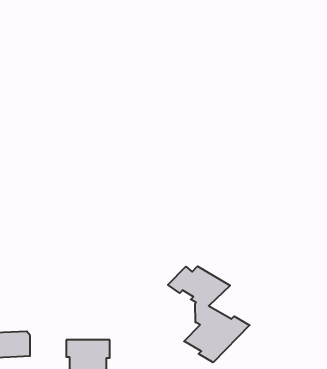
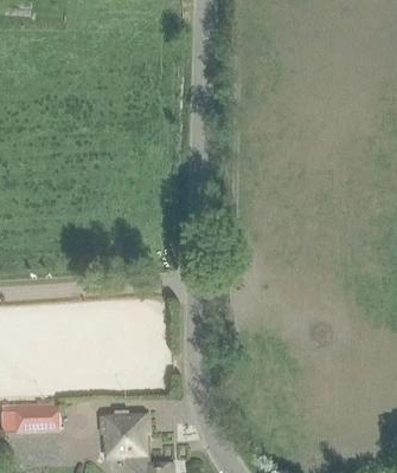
building: [168,266,250,362] -> none

